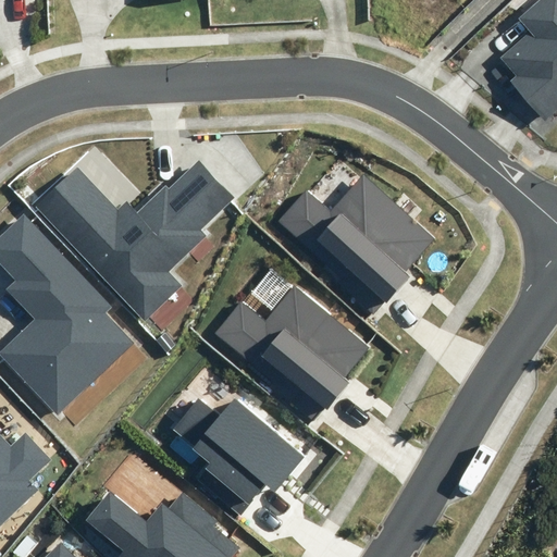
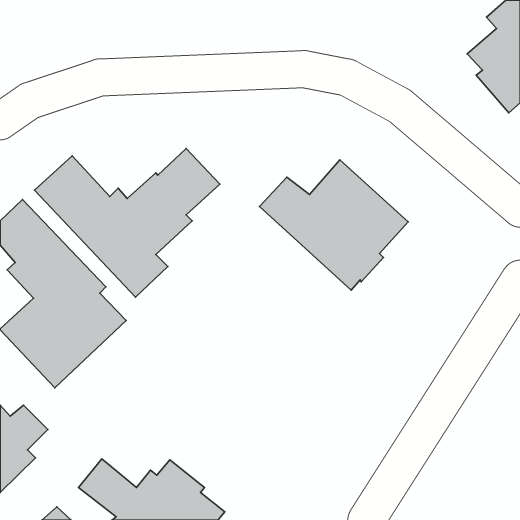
building: [214,286,369,414] -> none
building: [173,398,305,515] -> none

